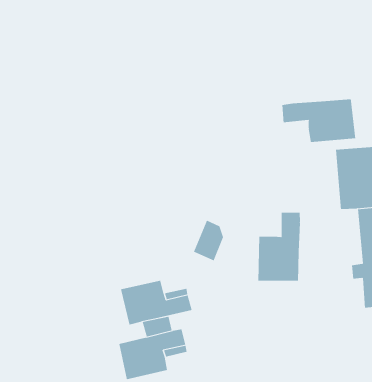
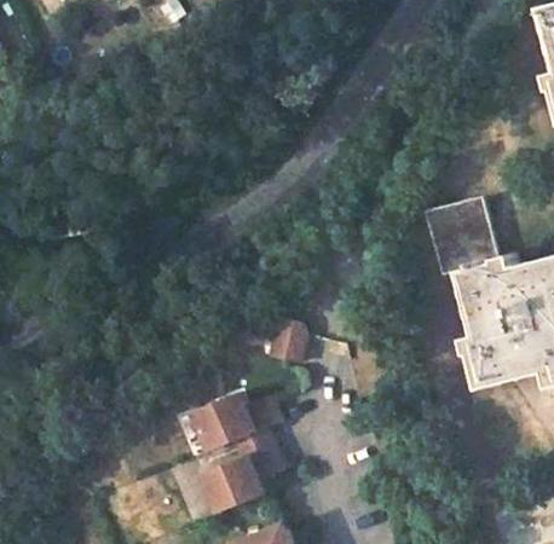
building: [282,98,356,143] -> none
building: [258,212,300,282] -> none

